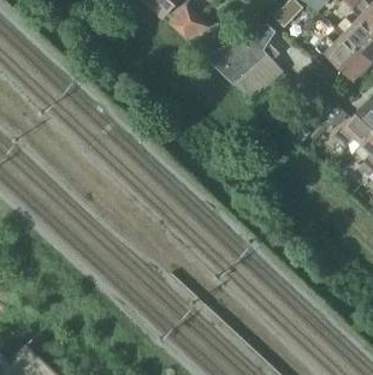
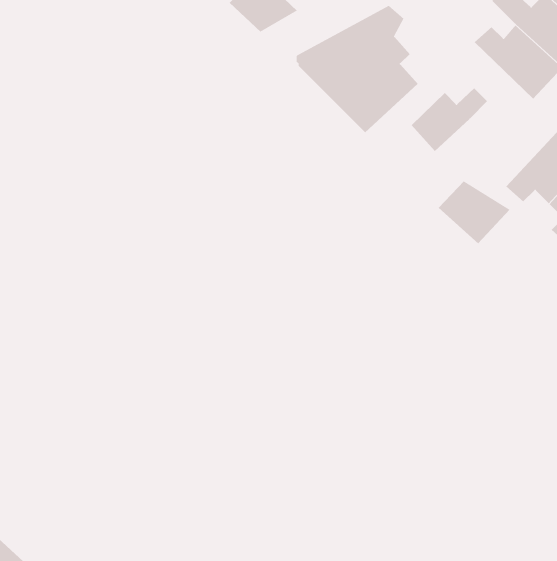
building: none -> [411,88,488,152]
building: none -> [438,181,511,244]

